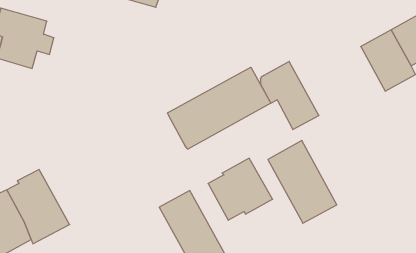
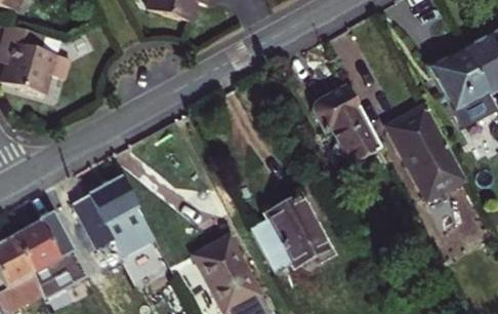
building: [168,67,271,149] -> none
building: none -> [71,178,154,257]
building: [268,140,337,223] -> [385,101,466,198]

